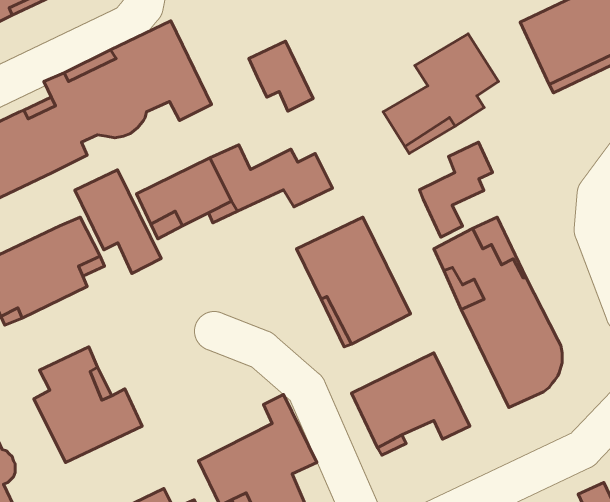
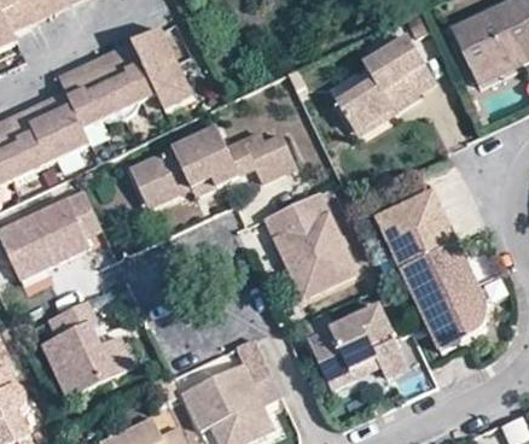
building: [249,41,313,111] -> none
building: [419,142,492,237] -> none
building: [75,170,161,273] -> none

